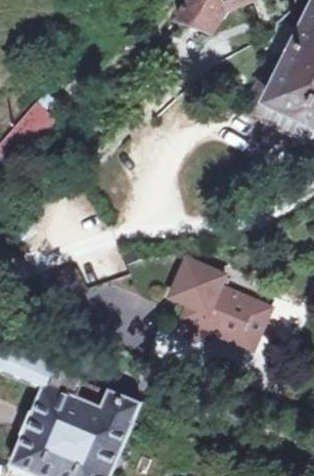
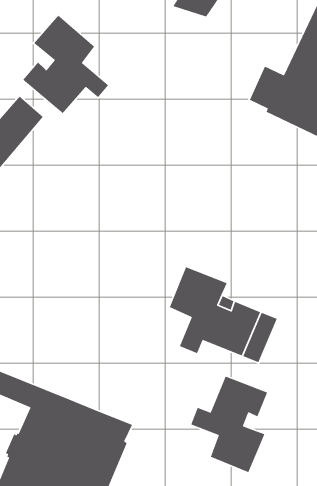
building: none -> [22,15,109,114]
building: none -> [190,375,268,473]

